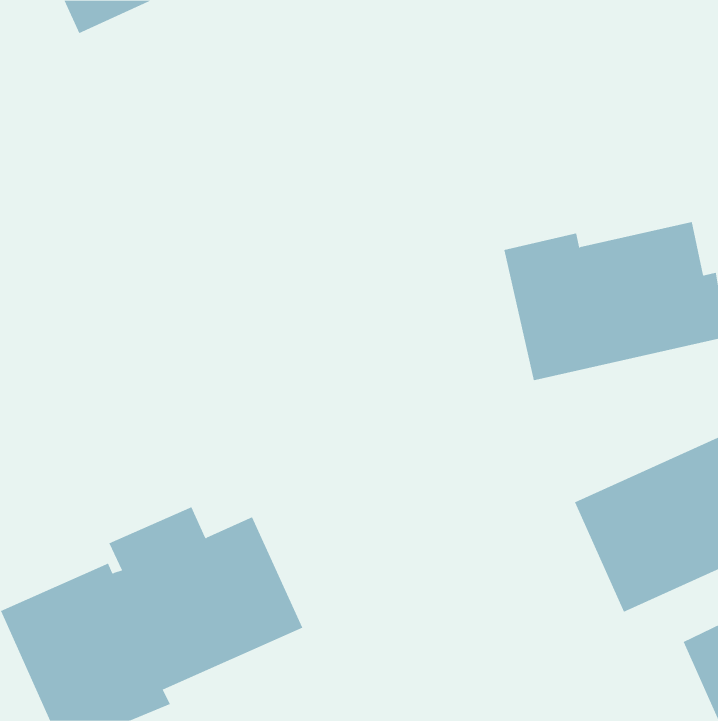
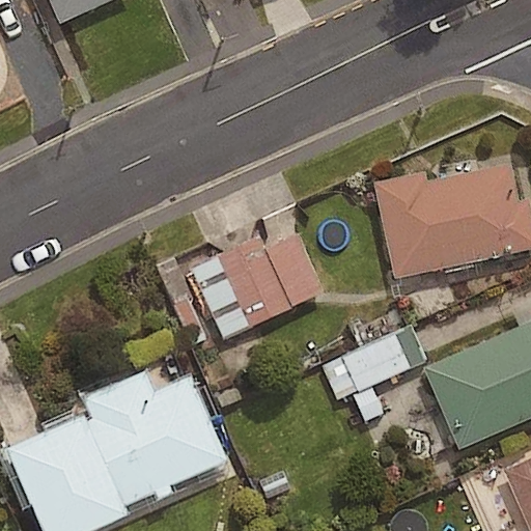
building: none -> [192,233,326,336]
building: none -> [325,324,426,425]

